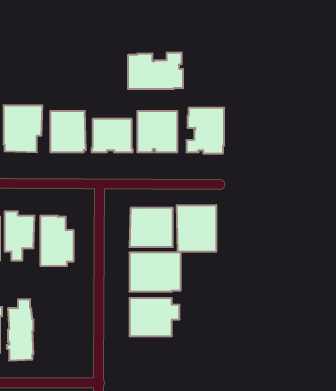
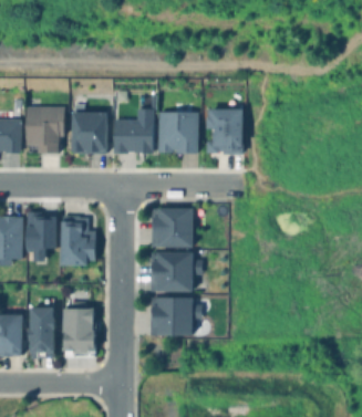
building: [128,52,183,89] -> none
building: [177,205,216,252] -> none
building: none -> [63,302,97,357]

